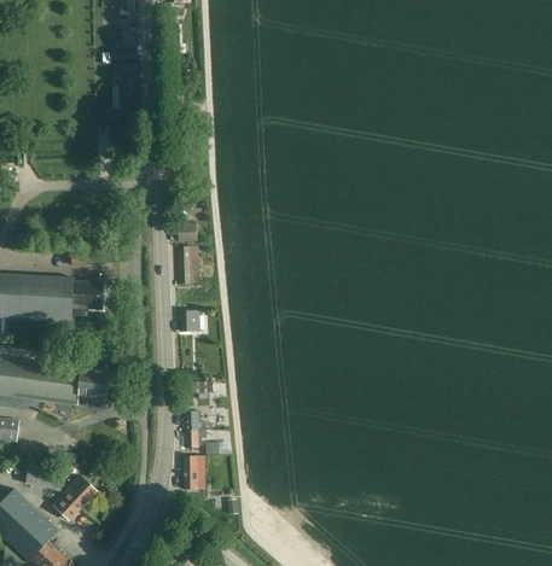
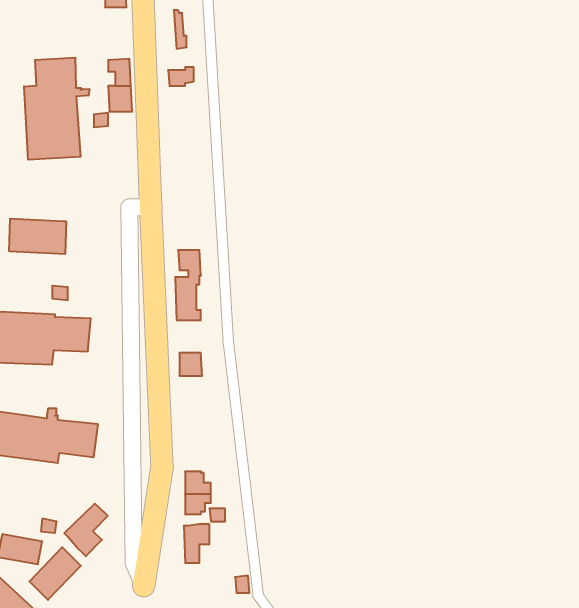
building: none -> [24,58,89,160]
building: none -> [9,219,66,254]
building: none -> [64,504,108,556]

